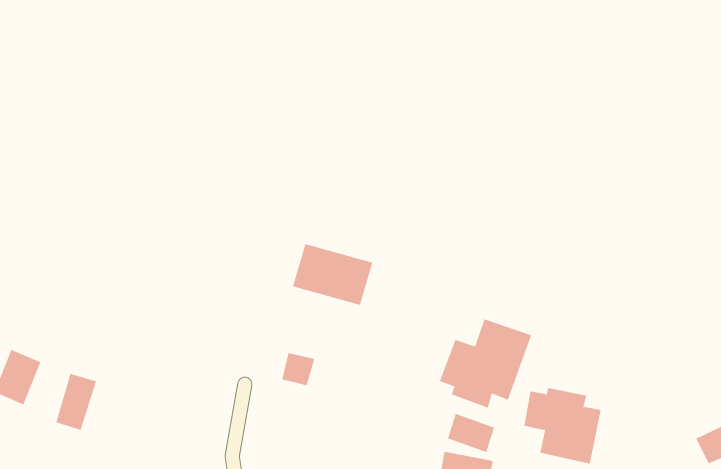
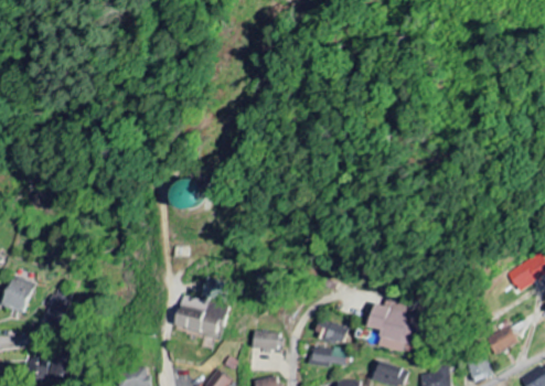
building: [292,243,373,306] -> [172,294,228,337]
building: [439,318,532,408] -> none
building: none -> [250,331,281,350]

